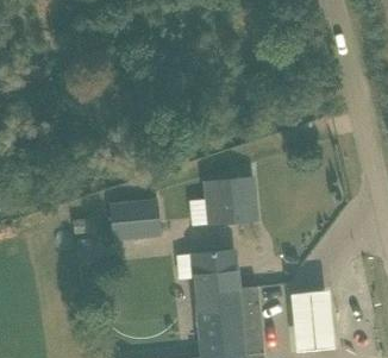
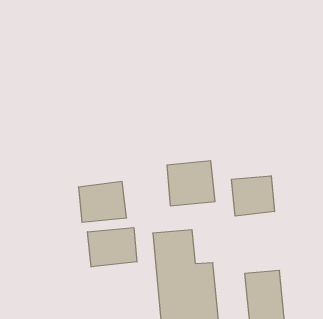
building: none -> [232,176,275,216]
building: none -> [88,228,137,267]

